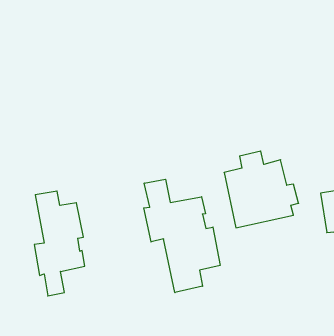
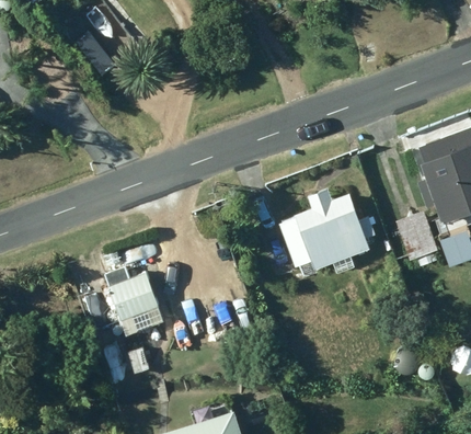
building: [144,179,220,293] -> none

